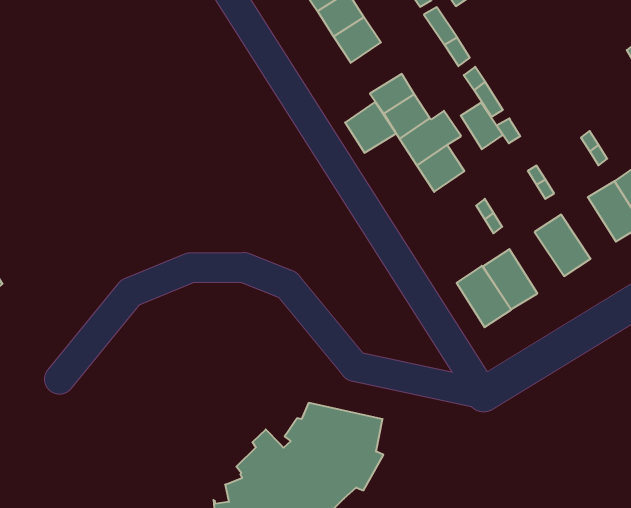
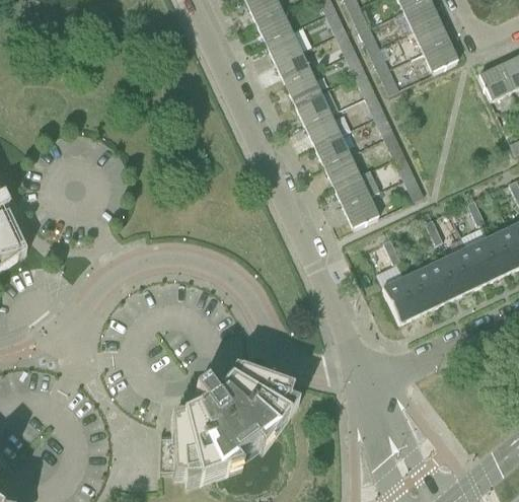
building: [345,102,396,153] -> [305,112,342,148]
building: [461,102,503,149] -> none
building: none -> [445,246,483,292]
building: [457,266,511,327] -> [403,267,441,312]

